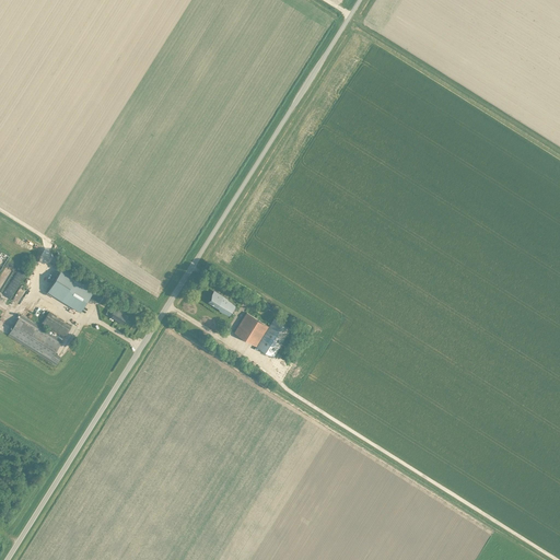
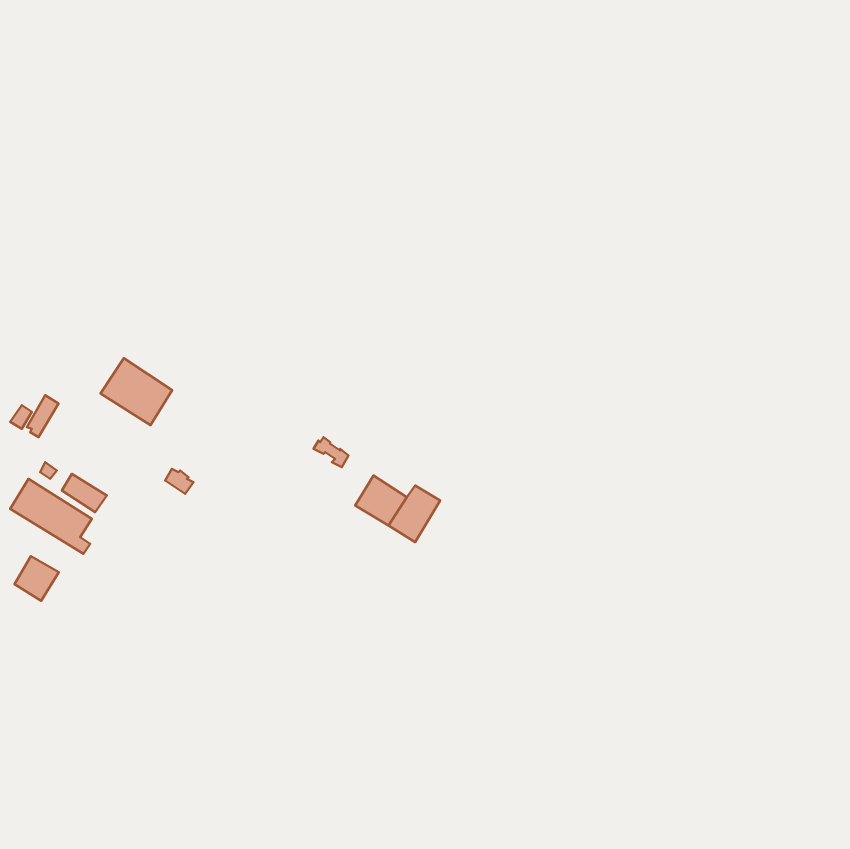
building: [46,269,93,313] -> [100,358,172,425]
building: none -> [14,556,59,601]

